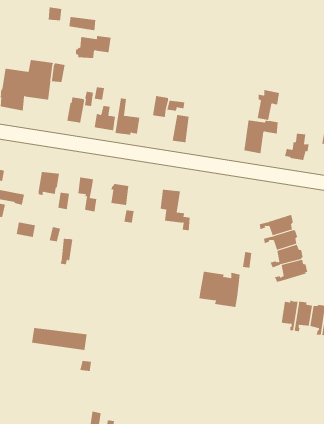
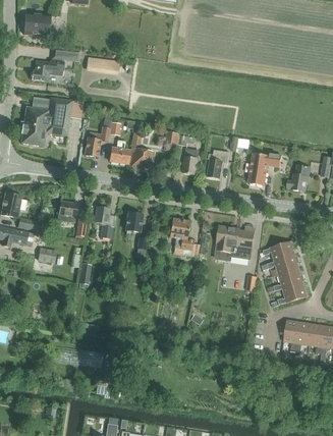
building: [75,35,111,58] -> [31,59,64,80]
building: [257,90,280,120] -> [208,149,229,177]
building: [199,271,240,307] -> [216,224,255,258]

